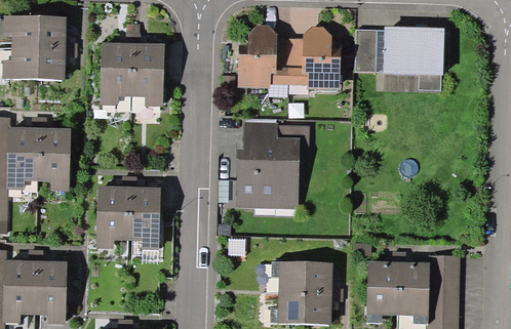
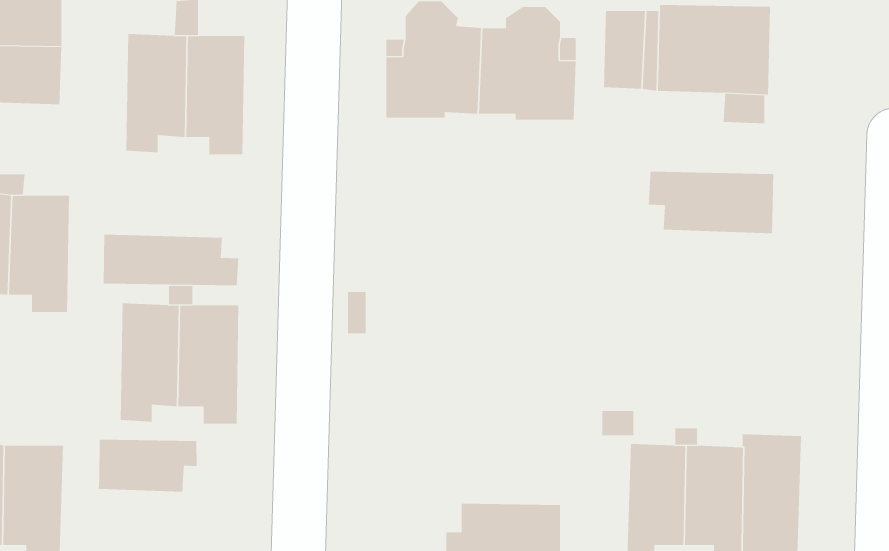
building: none -> [648,171,774,234]
building: [236,121,309,210] -> none
building: none -> [103,234,239,286]
building: none -> [98,439,197,493]
building: [271,262,332,293] -> none

